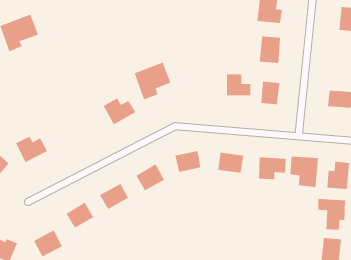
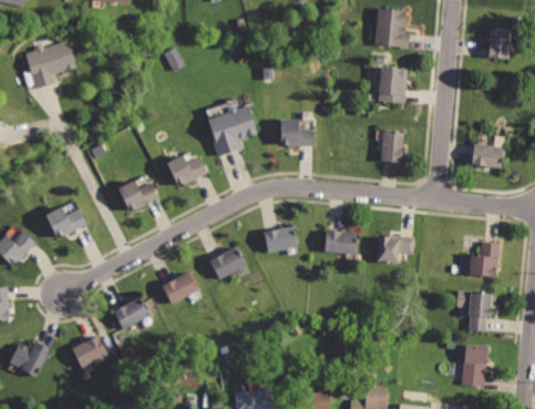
building: [226,74,251,96] -> [279,117,313,147]
building: none -> [117,178,160,213]
building: [290,156,318,188] -> none

